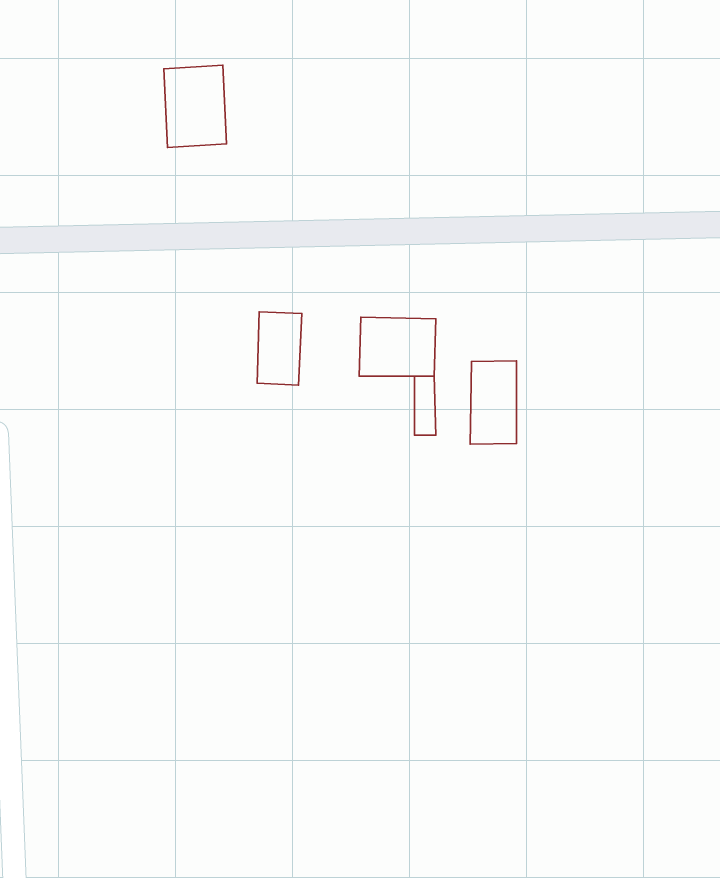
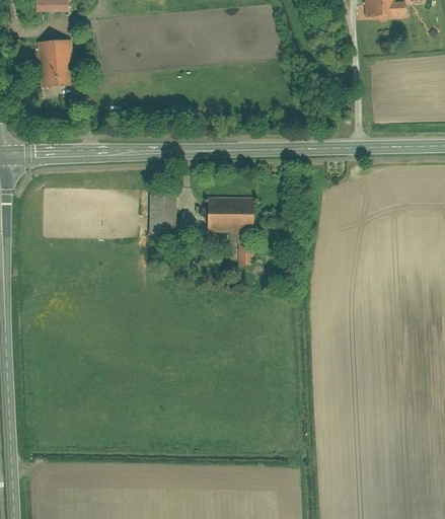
building: [164,65,226,147] -> [40,39,75,85]
building: [470,361,516,444] -> none

